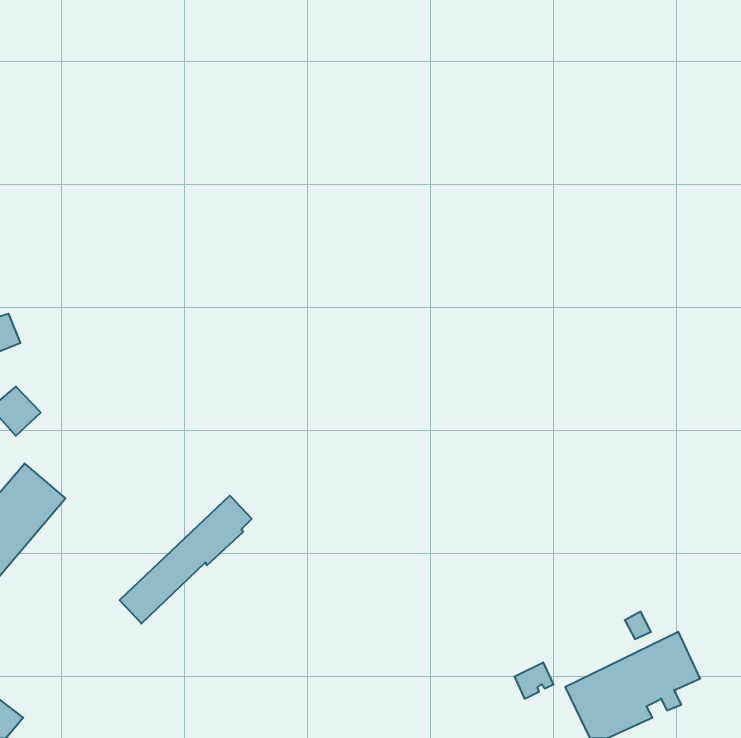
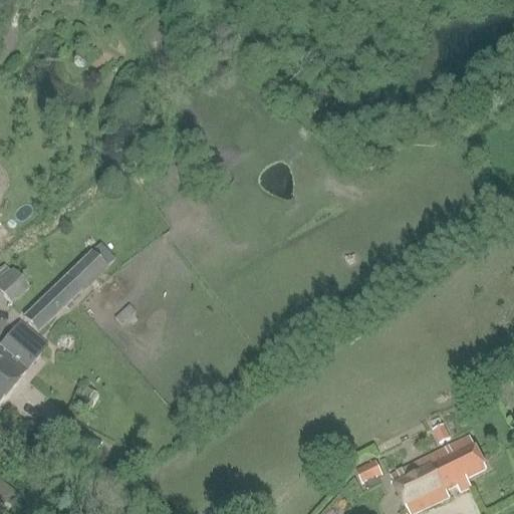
building: [120,496,252,624] -> [22,242,113,330]

